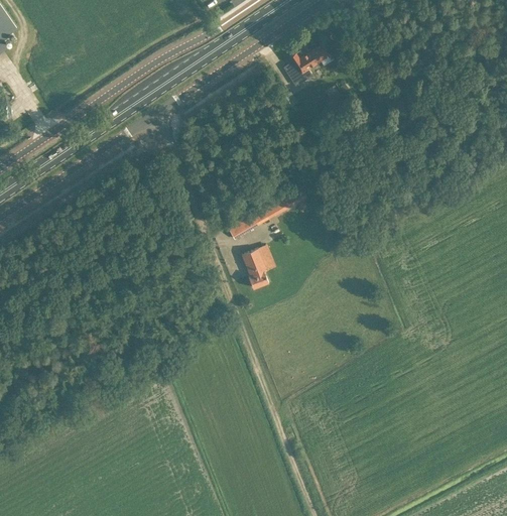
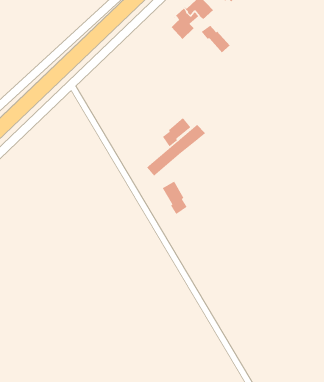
building: none -> [201,25,231,53]
building: none -> [162,117,191,147]

